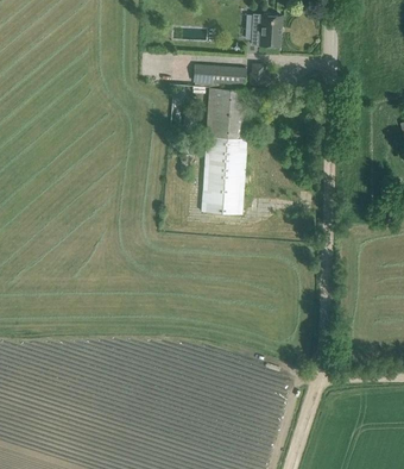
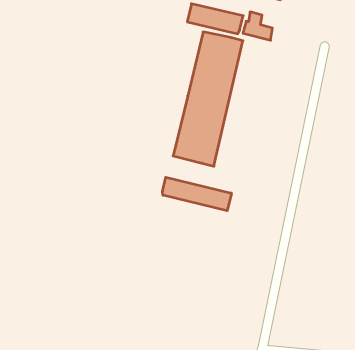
building: none -> [163,177,231,211]

